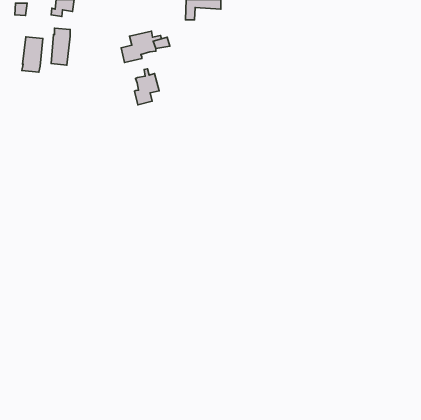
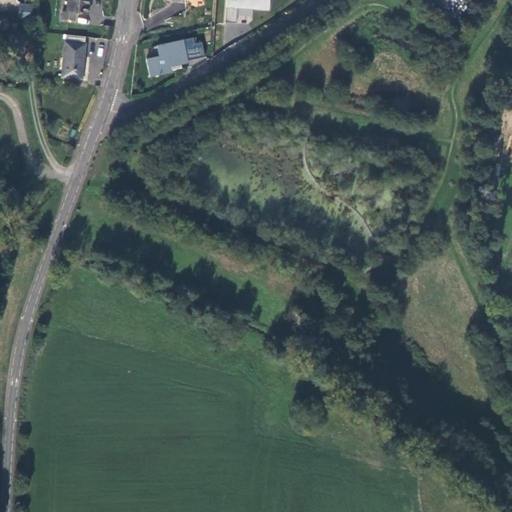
building: [22,37,43,72] -> none
building: [134,69,159,105] -> none

